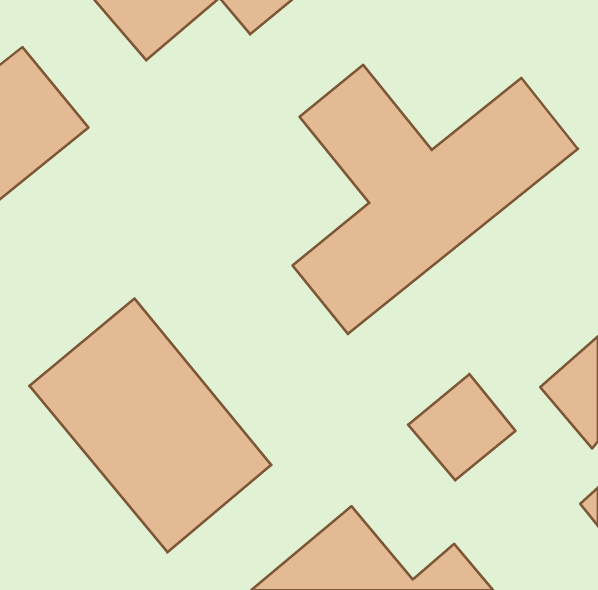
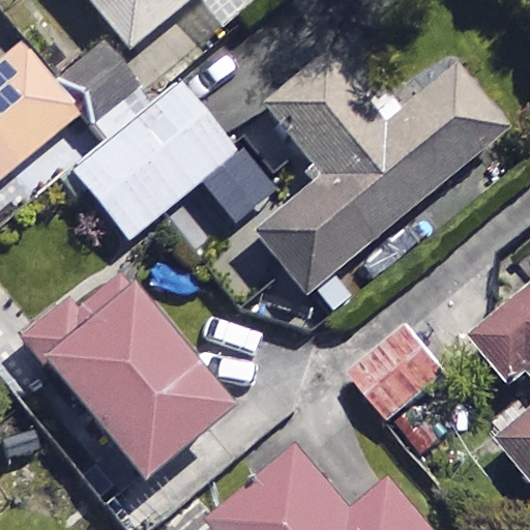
building: none -> [67,76,231,234]

